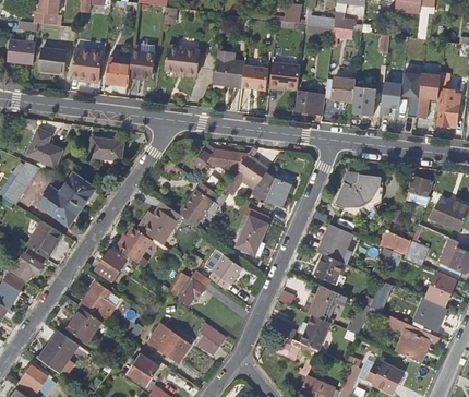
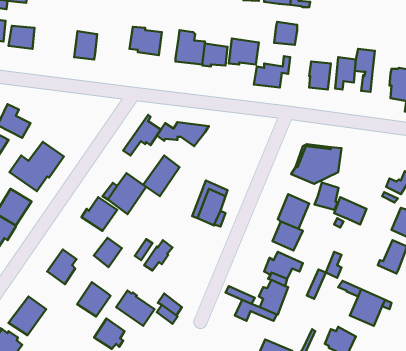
building: [71,48,100,83] -> none
building: [129,50,153,76] -> none
building: [419,73,441,98] -> none
building: [330,76,354,100] -> [274,22,297,45]
building: [92,134,121,158] -> none
building: [225,149,264,192] -> [123,115,161,156]
building: [407,175,432,203] -> [315,183,339,210]
building: [251,177,289,204] -> none
building: [97,251,127,281] -> [94,238,122,267]
building: [208,253,242,287] -> none
building: [413,298,445,328] -> none
building: [67,306,101,342] -> [77,282,111,317]

